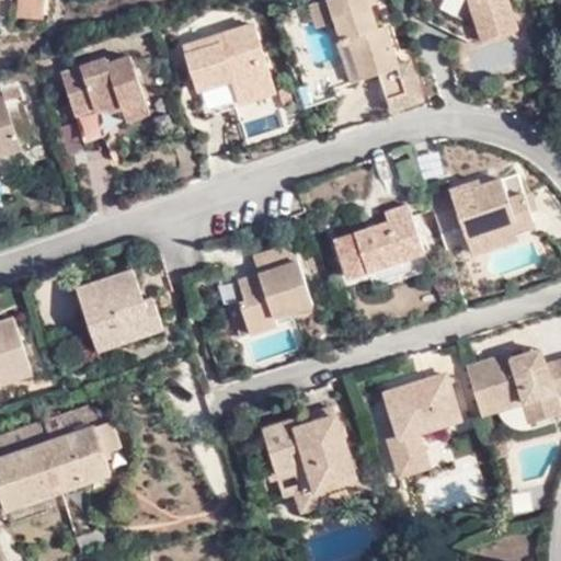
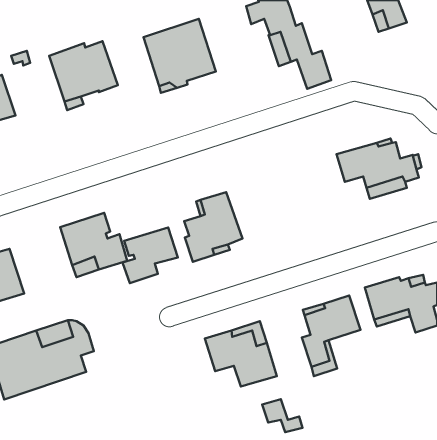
building: [337,206,424,276] -> none
building: none -> [122,227,178,283]
building: [274,466,325,507] -> [262,399,302,432]

